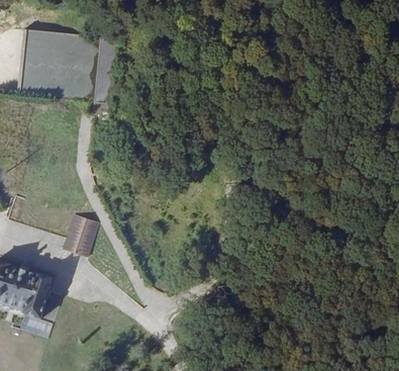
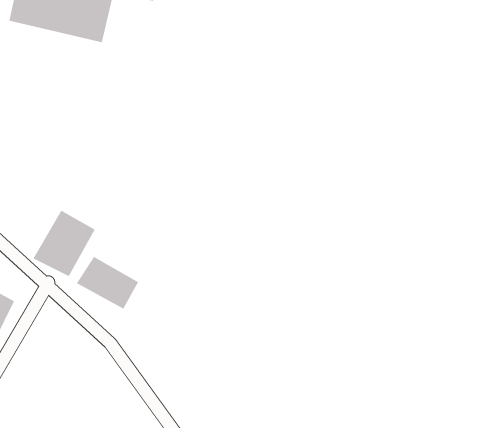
building: none -> [76,256,139,309]

